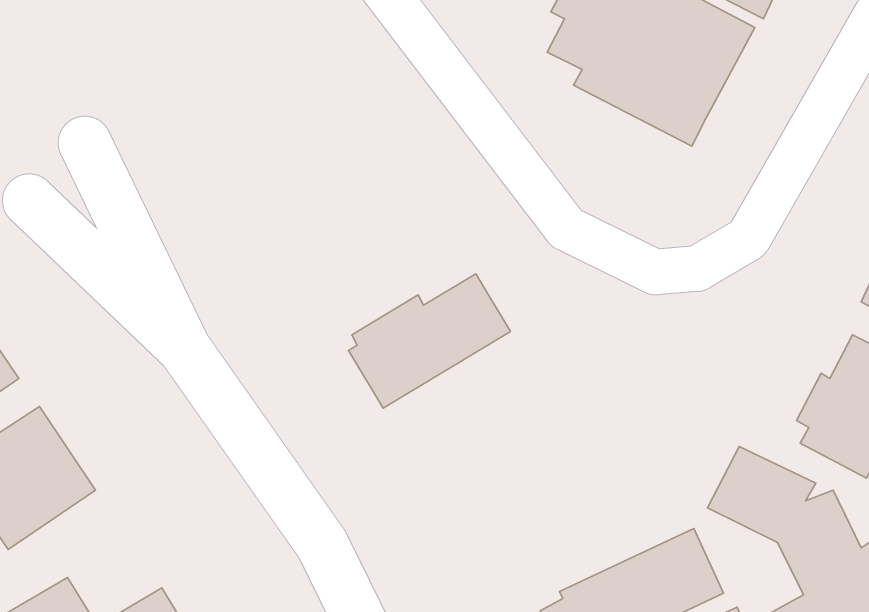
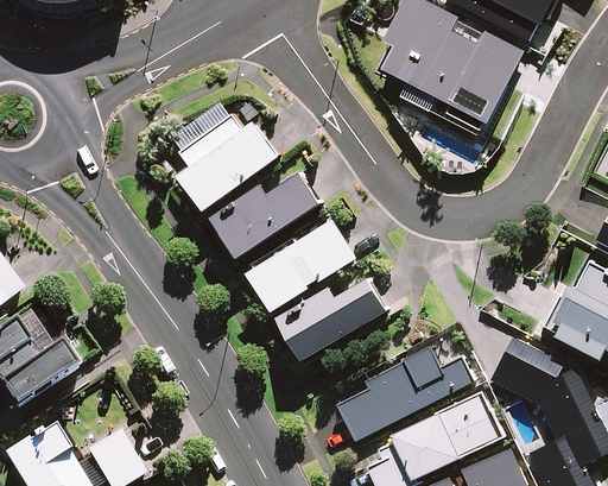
building: none -> [172,101,279,210]
building: none -> [211,171,318,258]
building: none -> [276,279,385,360]
building: none -> [338,347,475,440]

